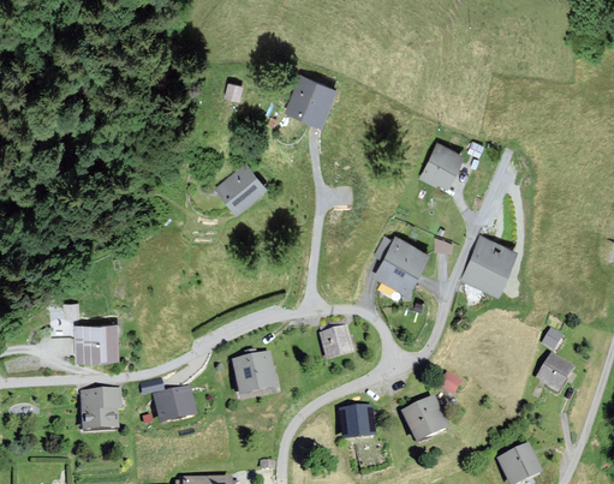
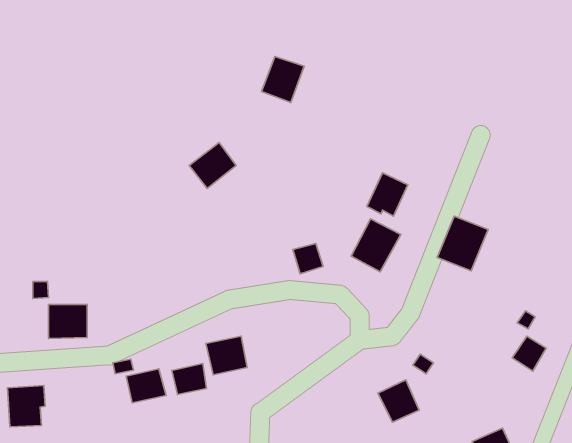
building: [421,141,461,184] -> [367,173,408,216]
building: [321,327,351,357] -> [293,244,323,274]
building: none -> [172,364,206,394]
building: [82,388,119,429] -> [8,385,45,427]
building: [340,407,371,436] -> none

